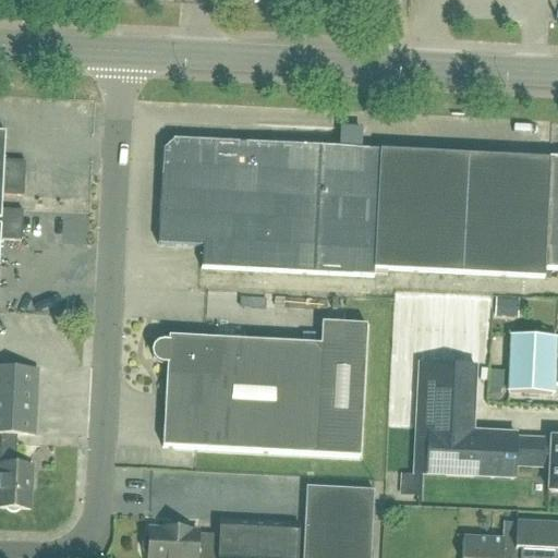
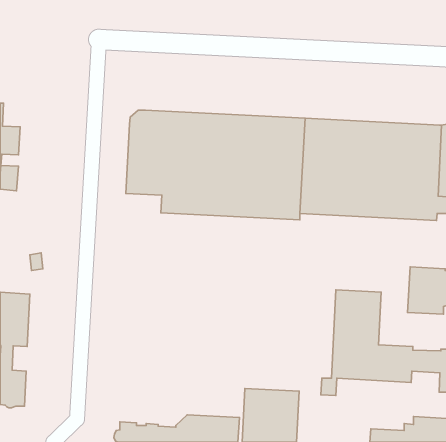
building: [153,319,367,454] -> none

